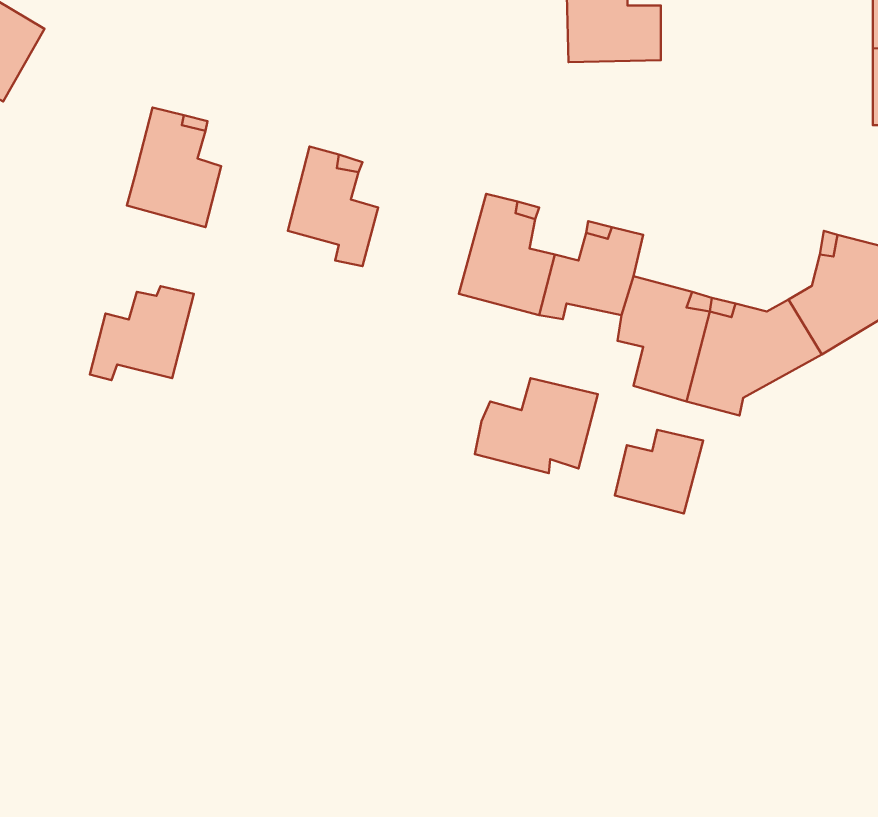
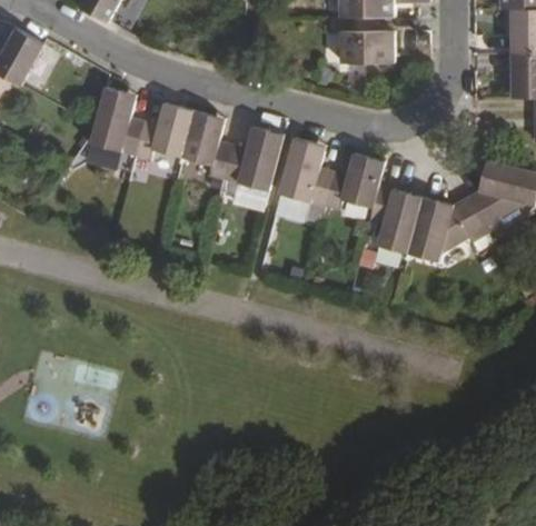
building: none -> [224,129,282,191]
building: [90,286,194,380] -> [135,106,193,159]
building: [475,378,598,473] -> none
building: [615,430,703,513] -> none

